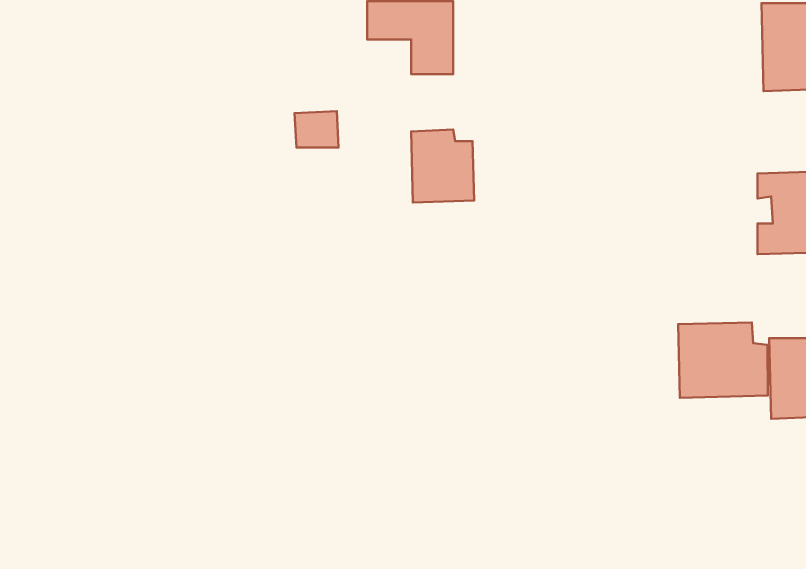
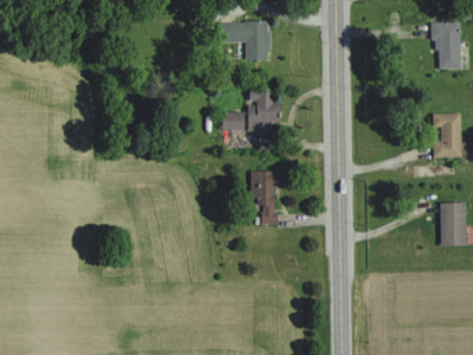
building: [295,111,339,148] -> [220,110,244,130]
building: none -> [250,170,279,224]
building: [678,323,768,398] -> none

